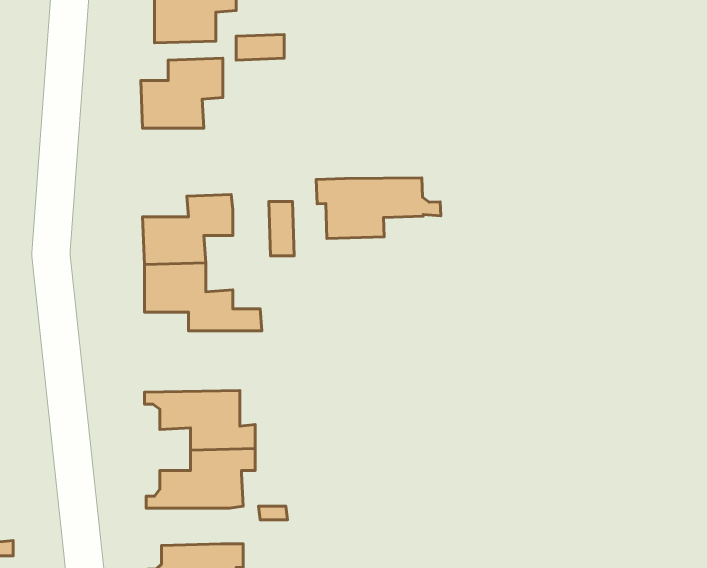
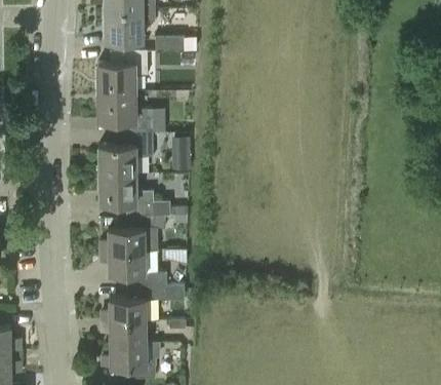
building: none -> [98,92,152,133]
building: [316,178,441,239] -> none
building: none -> [99,215,165,252]
building: none -> [101,321,146,344]

